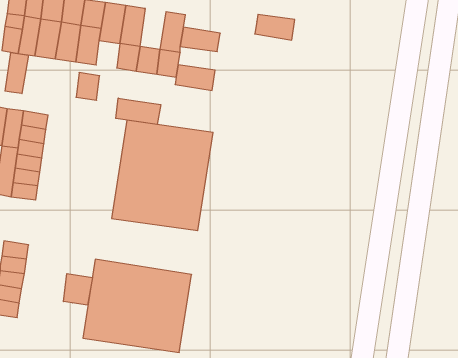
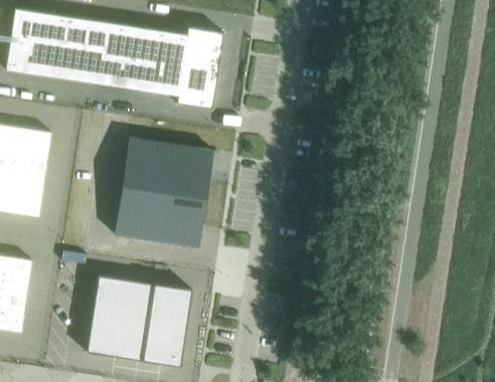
building: none -> [141,28,166,68]
building: [255,14,295,40] -> [183,27,222,52]
building: none -> [178,65,216,88]
building: [5,52,29,94] -> none
building: [76,73,100,100] -> [98,59,121,86]
building: [116,98,161,124] -> none
building: [63,274,92,305] -> none

